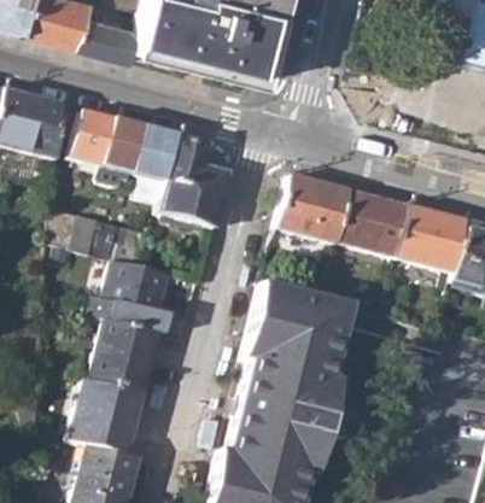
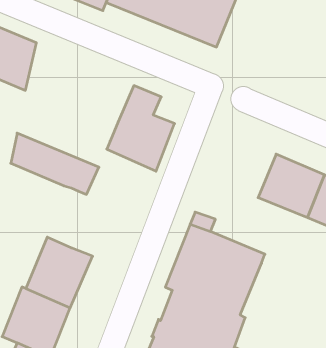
building: [74,109,181,201] -> none
building: [279,175,351,241] -> none
building: [89,259,175,328] -> none

